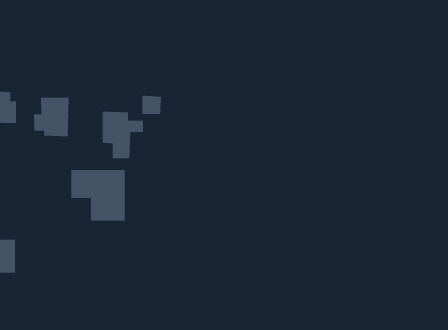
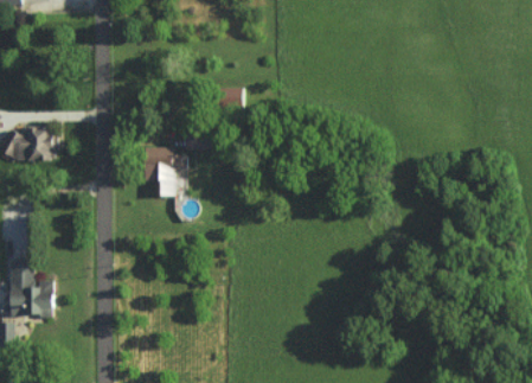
building: [34,97,69,137] -> none
building: [71,169,125,222] -> none

